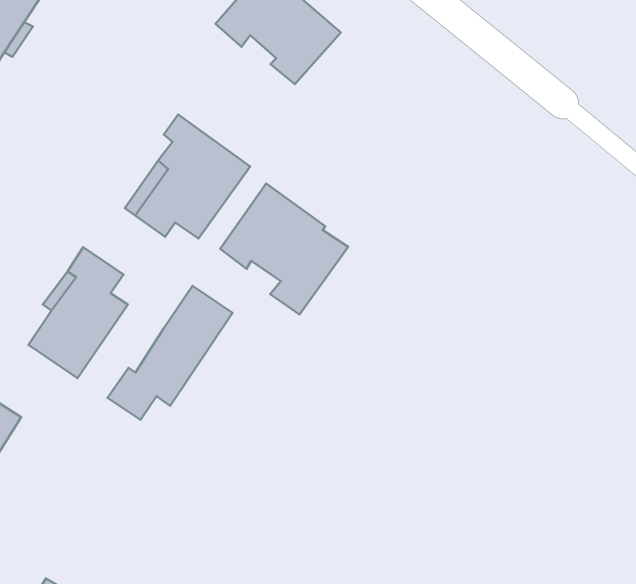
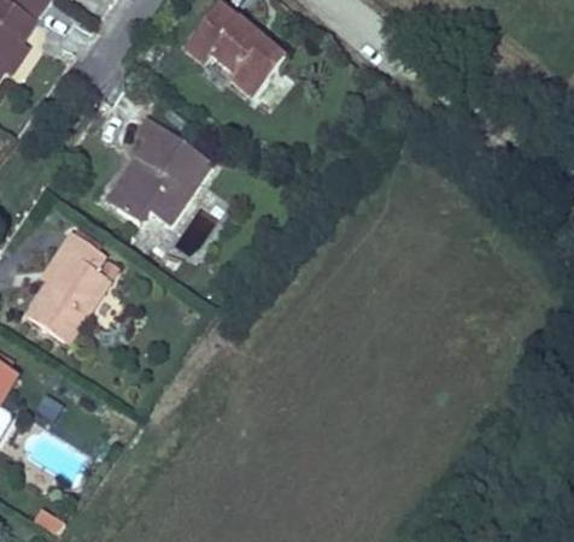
building: [220,184,348,315] -> none
building: [108,286,232,420] -> none

